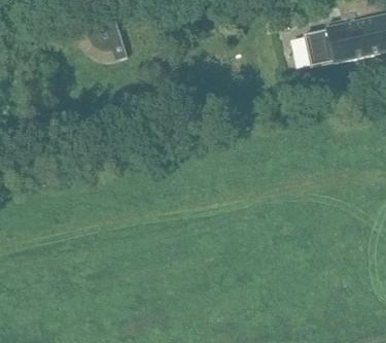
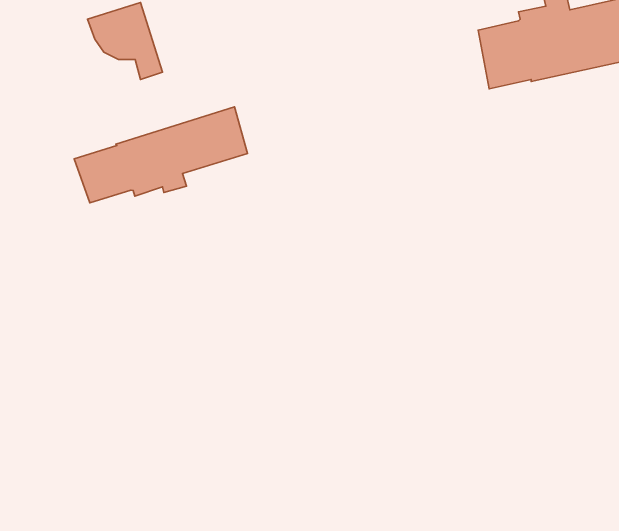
building: none -> [74,107,248,203]

